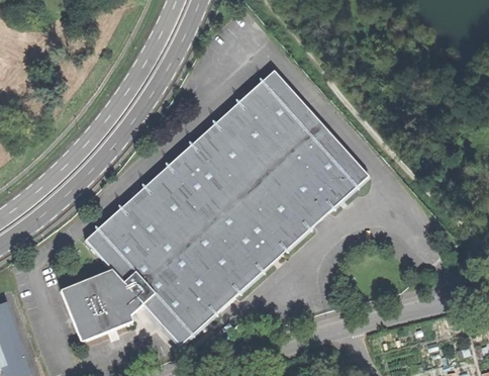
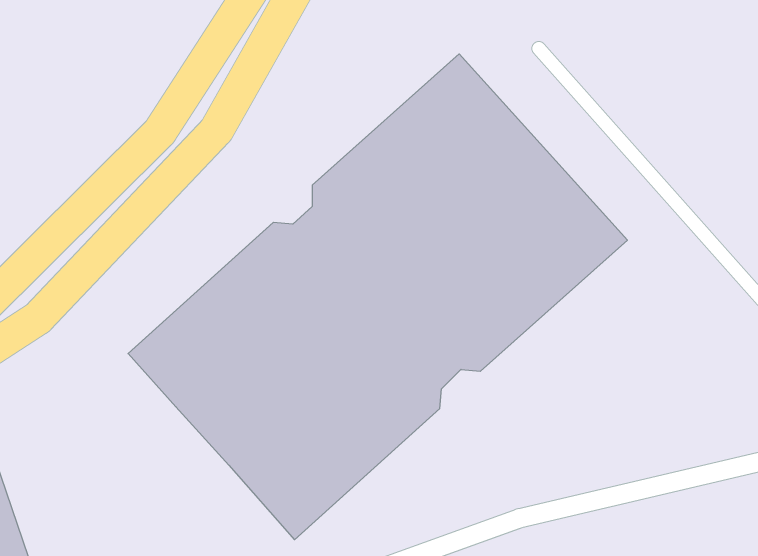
building: [61,270,142,341] -> none

